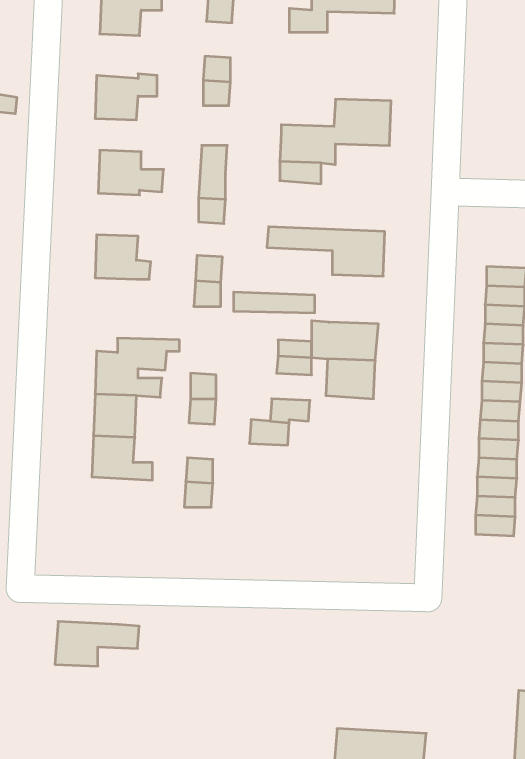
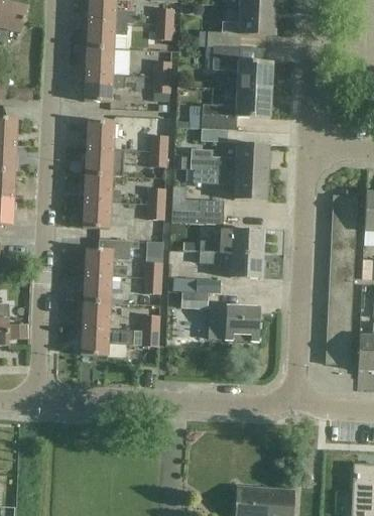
building: none -> [212,45,272,89]
building: none -> [85,46,112,75]
building: none -> [180,142,268,171]
building: none -> [85,147,123,175]
building: none -> [171,184,224,212]
building: none -> [83,201,118,229]
building: none -> [208,304,259,340]
building: [55,621,139,666] -> [80,327,133,355]

